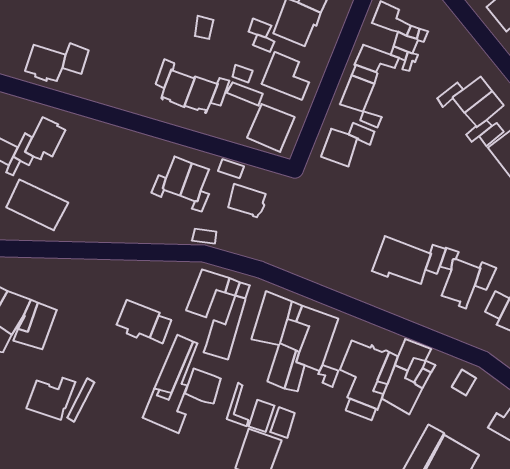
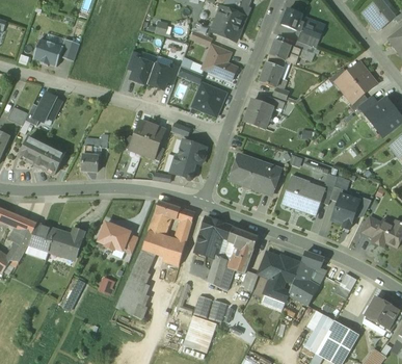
building: none -> [82,137,102,172]
building: none -> [231,154,280,193]
building: none -> [170,155,196,181]
building: [185,369,221,403] -> [142,230,168,255]
building: [26,378,76,420] -> [49,228,84,258]

